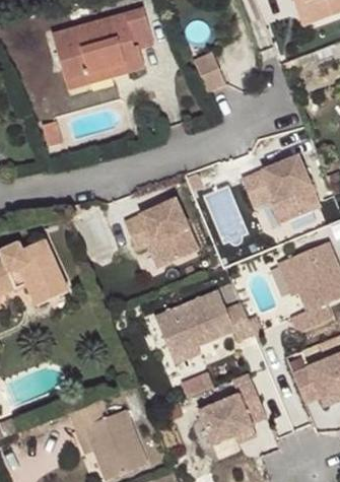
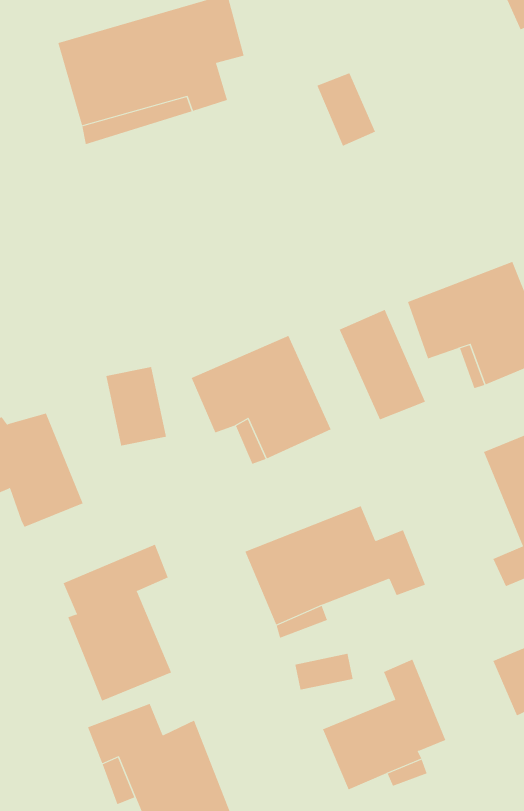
building: none -> [63,544,172,701]

